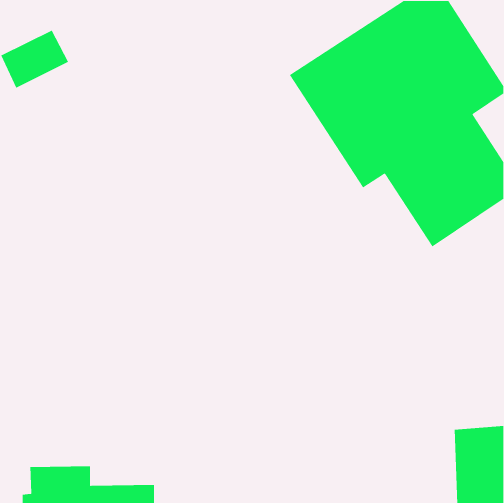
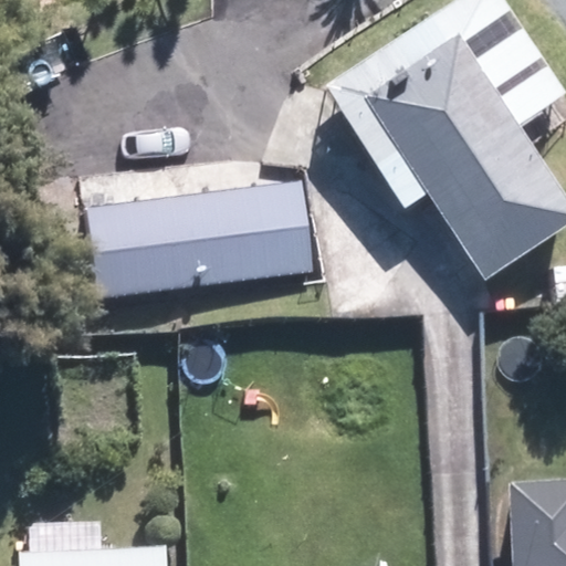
building: none -> [90,184,315,296]

